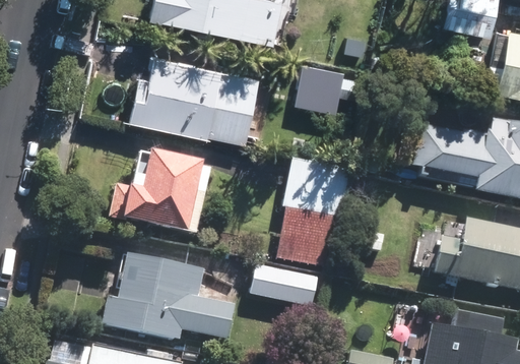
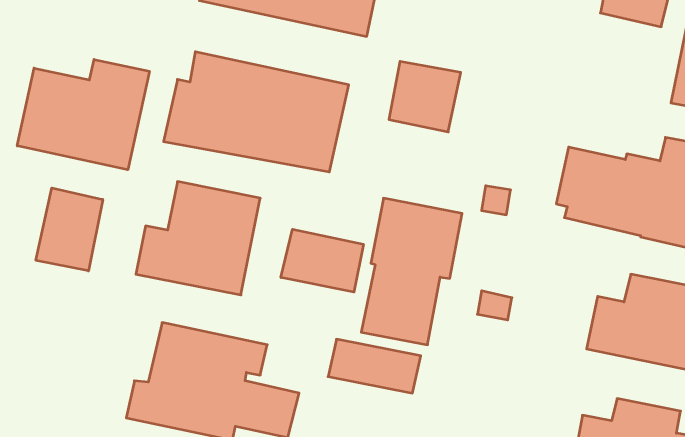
building: none -> [17,59,149,170]
building: none -> [36,188,103,271]
building: none -> [281,229,363,292]

